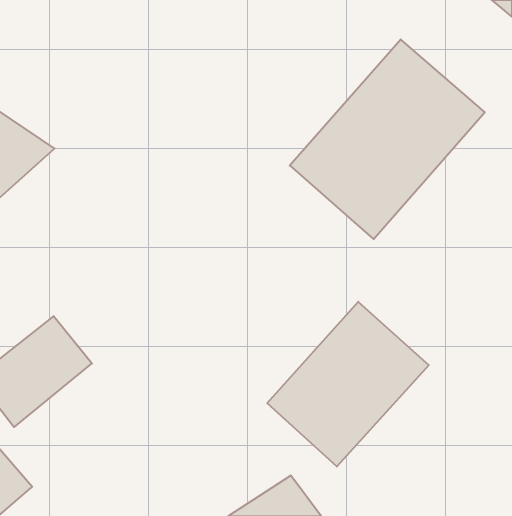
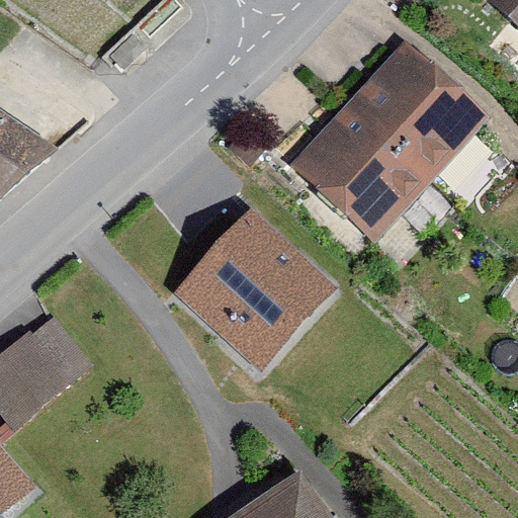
building: none -> [174,212,331,369]
building: [267,302,429,467] -> none

